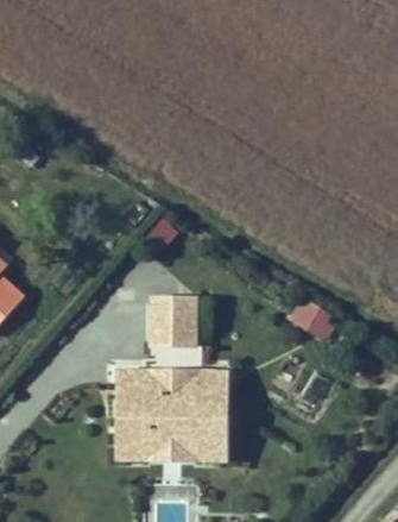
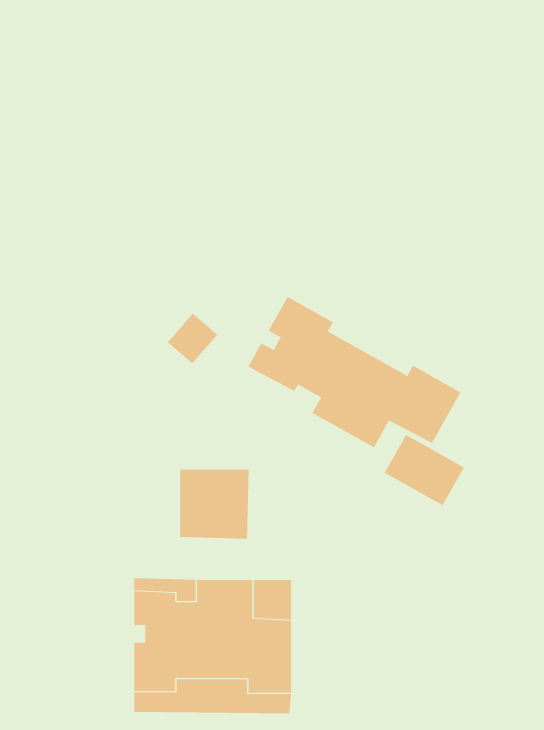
building: none -> [248,296,461,448]

